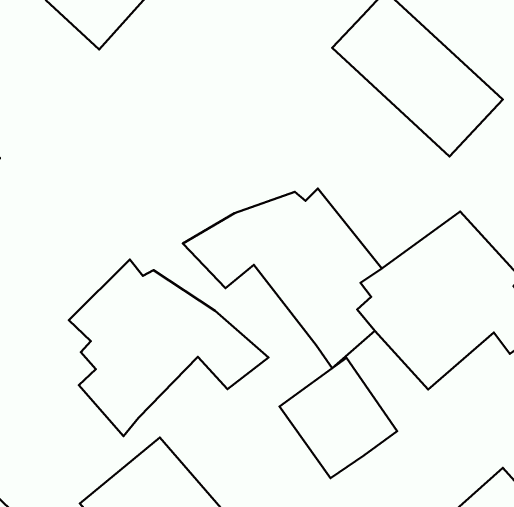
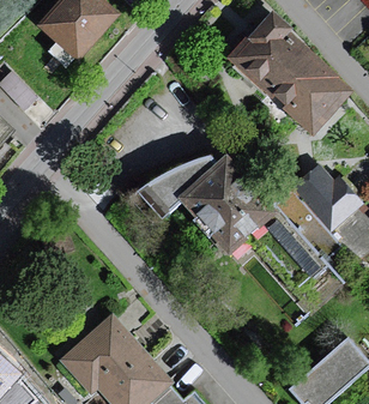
building: [69,259,269,436] -> none
building: [280,358,397,478] -> none

